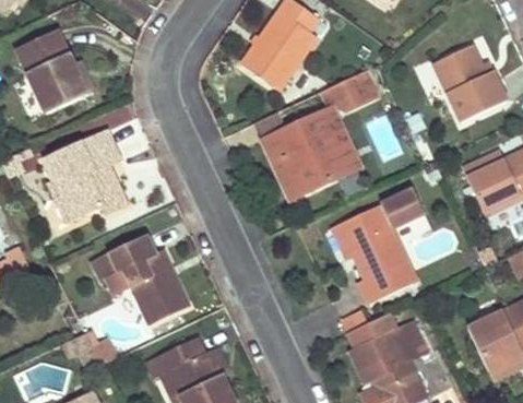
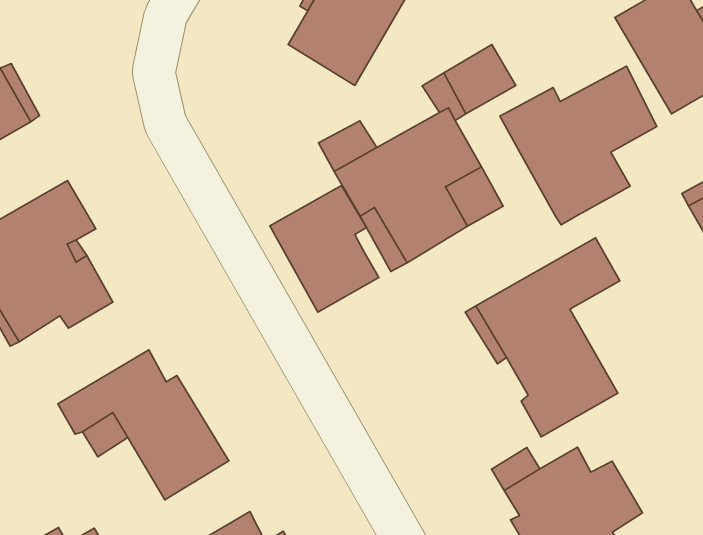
building: none -> [500,66,657,225]
building: none -> [270,186,379,312]

